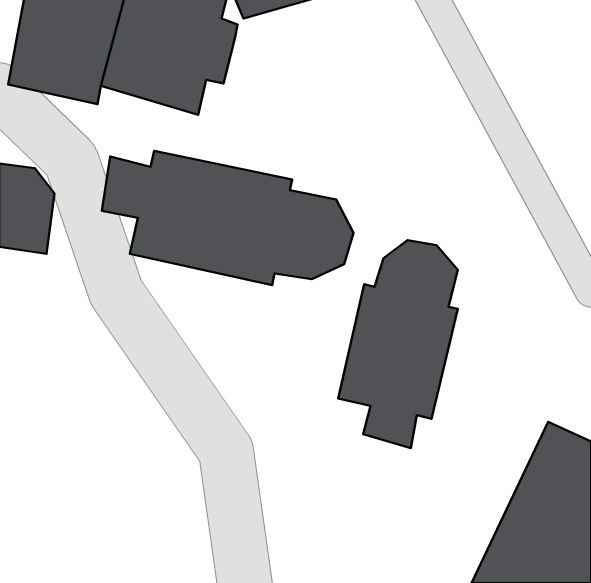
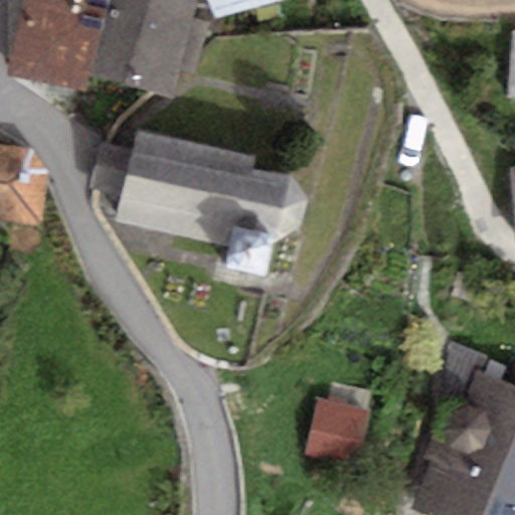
building: [338,240,458,448] -> none
building: none -> [310,397,377,465]

